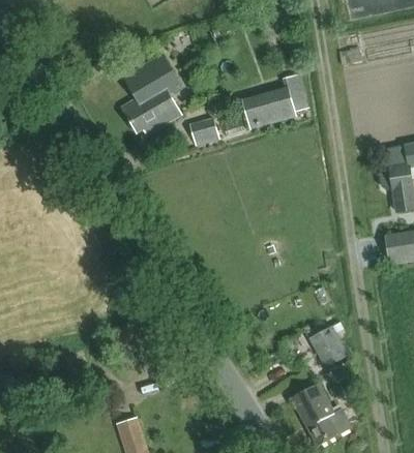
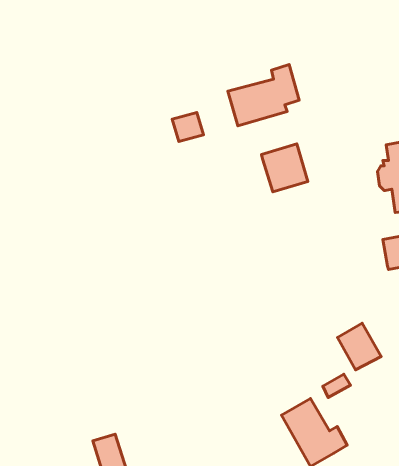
building: [121,55,180,135] -> none
building: none -> [262,144,308,192]
building: [308,325,349,368] -> [338,323,381,370]

